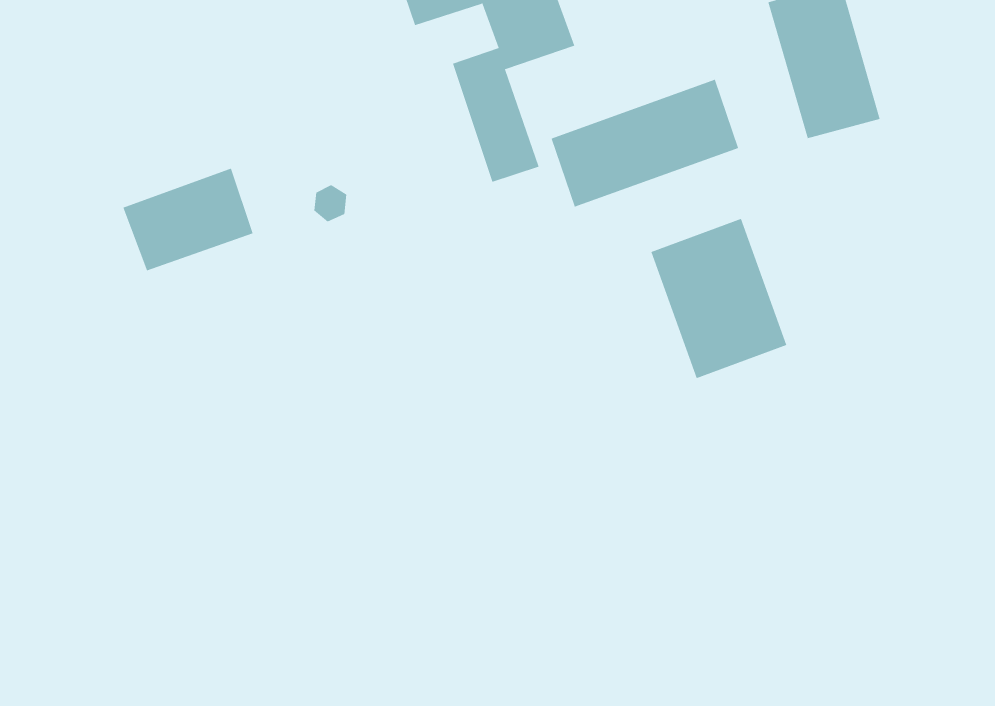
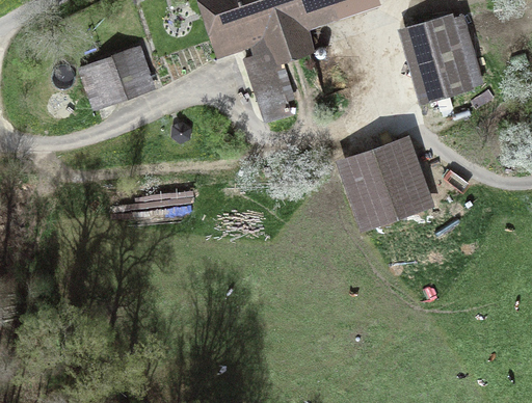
building: [551,79,739,208] -> none
building: [123,168,253,271] -> [83,51,152,105]

